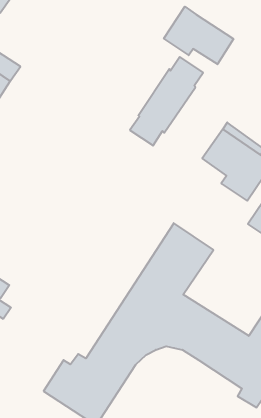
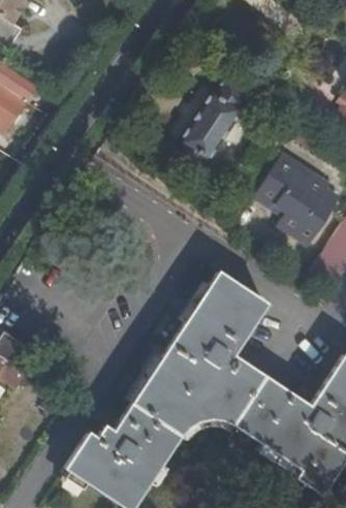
building: [164,7,233,64] -> none

